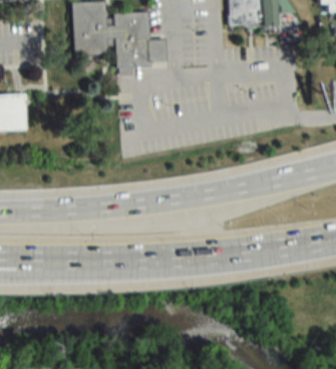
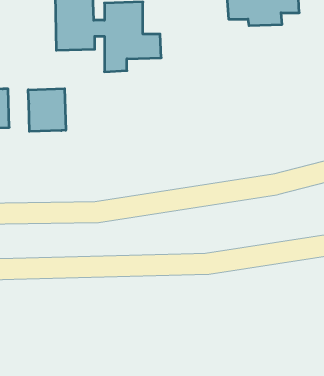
building: none -> [28,89,66,131]

